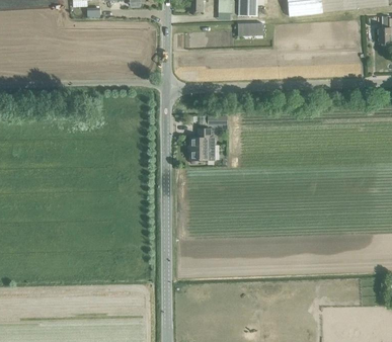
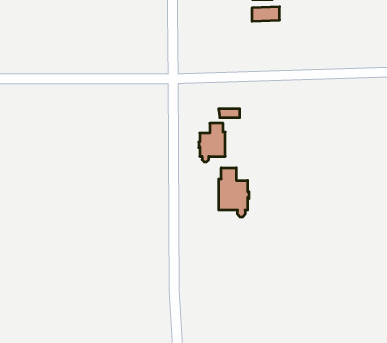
building: none -> [219,168,249,217]

